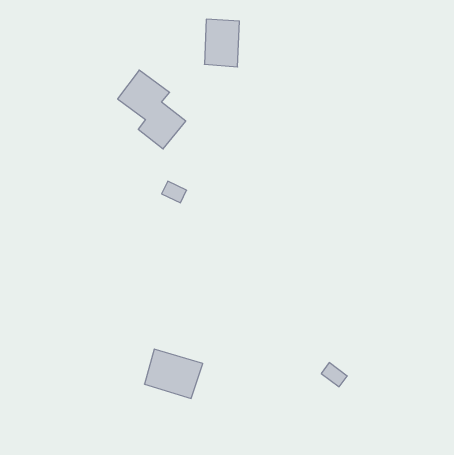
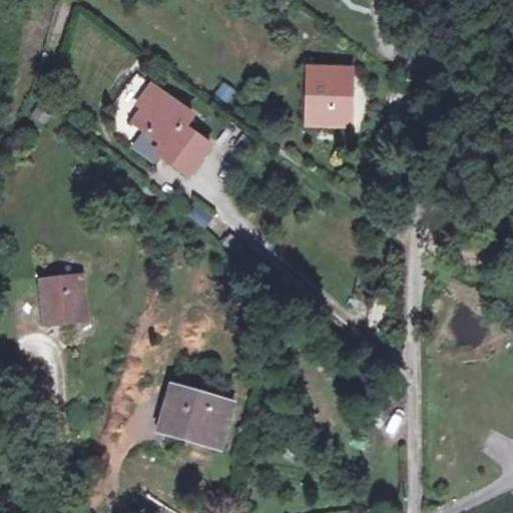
building: [204,19,239,67] -> [309,62,348,115]
building: none -> [41,286,83,325]

